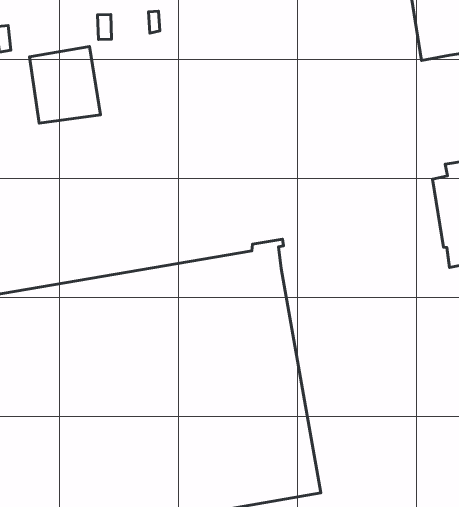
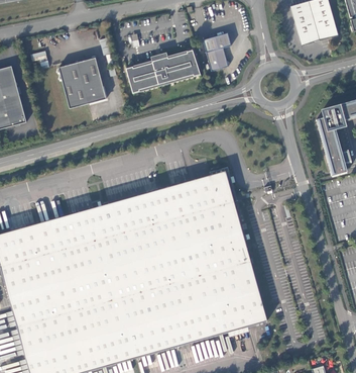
building: none -> [203,33,231,72]
building: none -> [127,52,201,94]

